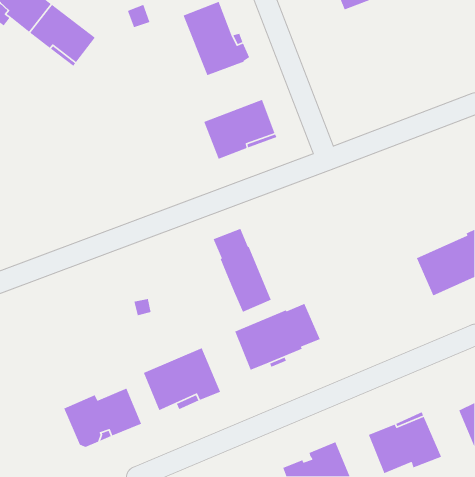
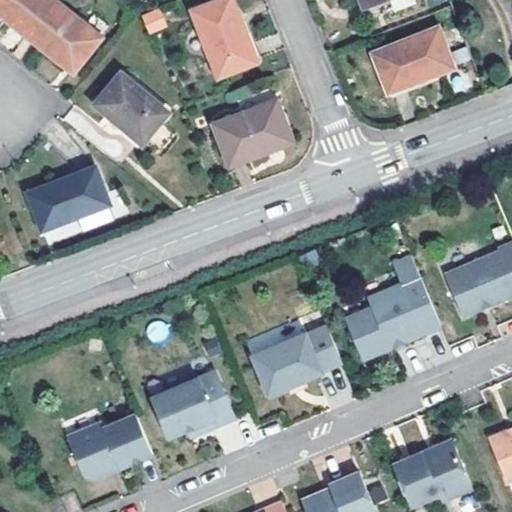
building: none -> [367,33,457,101]
building: none -> [100,79,173,151]
building: none -> [31,174,111,236]
building: [213,228,272,313] -> none
building: none -> [342,275,438,358]

